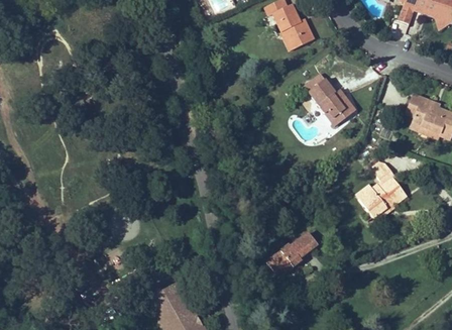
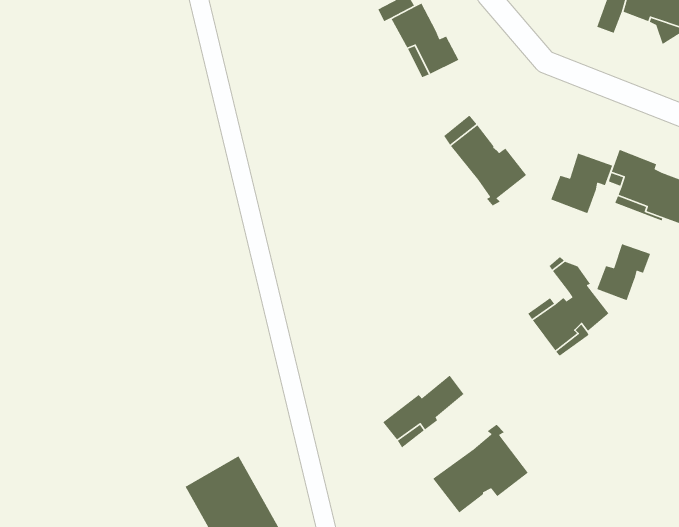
building: none -> [550,153,613,214]
building: none -> [596,243,651,301]
building: none -> [432,424,529,514]

